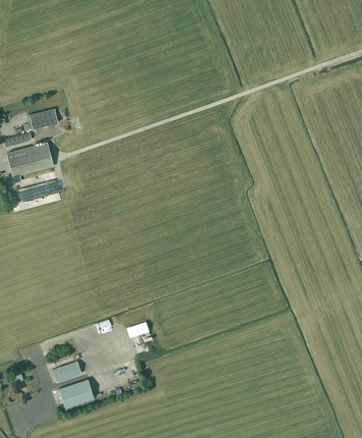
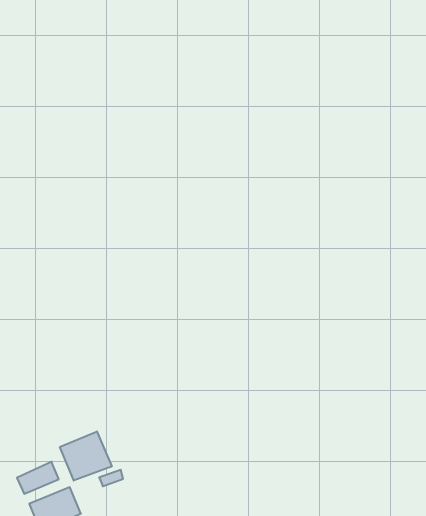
building: none -> [60,431,112,481]

